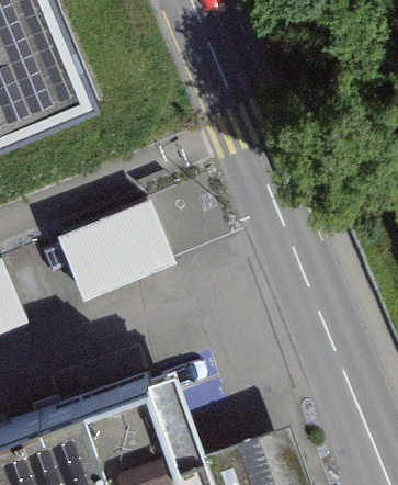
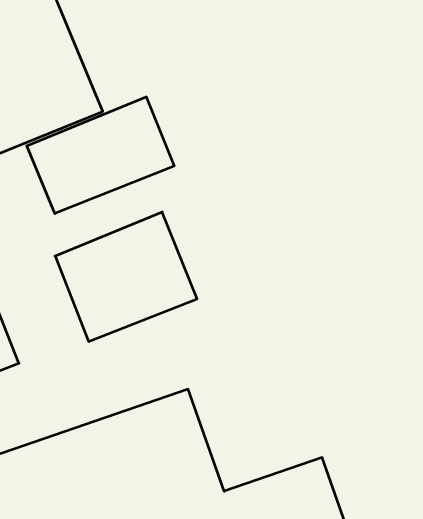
building: none -> [27,97,174,214]

